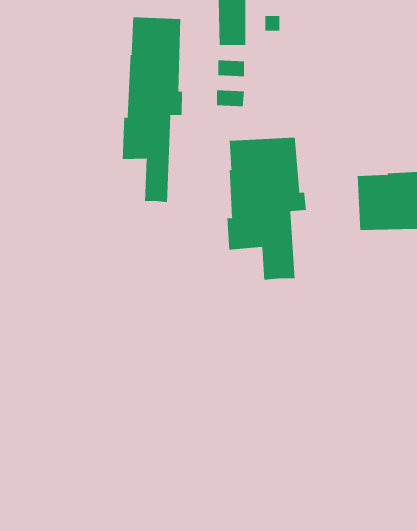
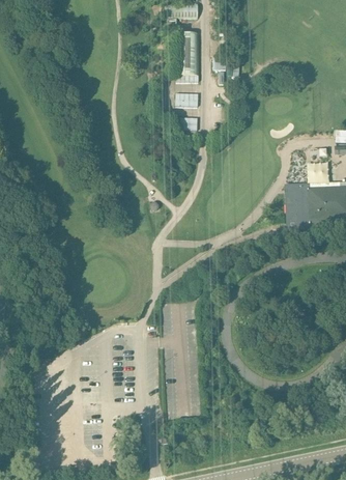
building: [122,16,182,203] -> none
building: [227,137,307,280] -> none

